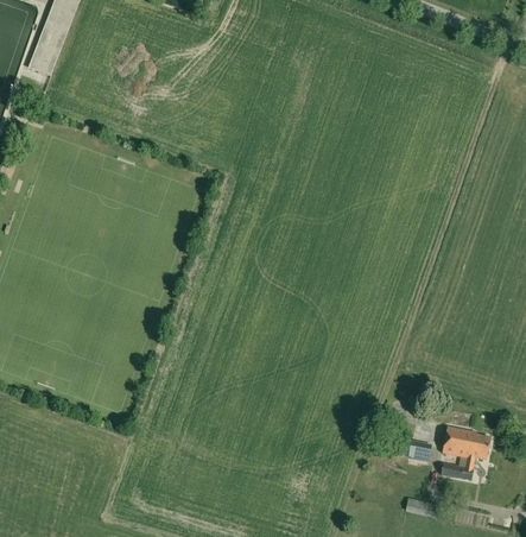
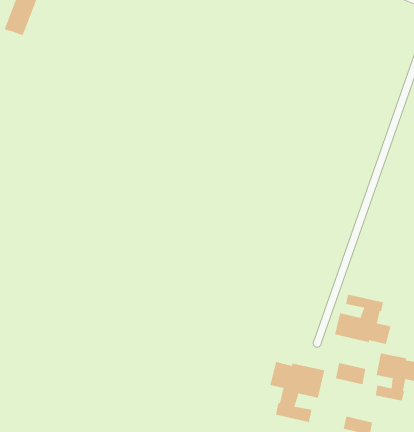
building: none -> [335,294,391,345]
building: none -> [270,361,325,423]

